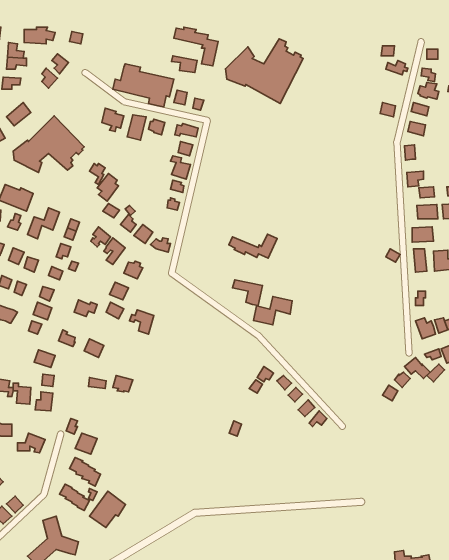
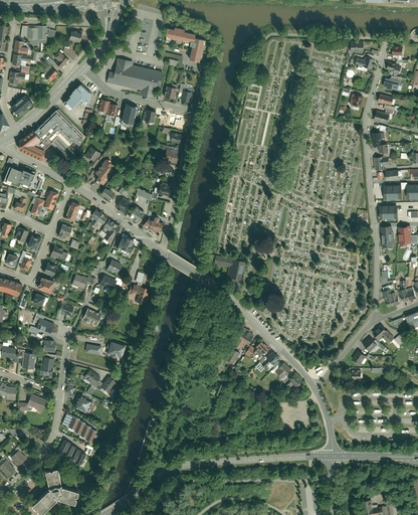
building: [225,39,303,103] -> none
building: none -> [61,82,90,111]
building: [229,234,277,258] -> none
building: [254,296,292,325] -> none
building: none -> [85,371,118,396]
building: [90,491,126,528] -> none

